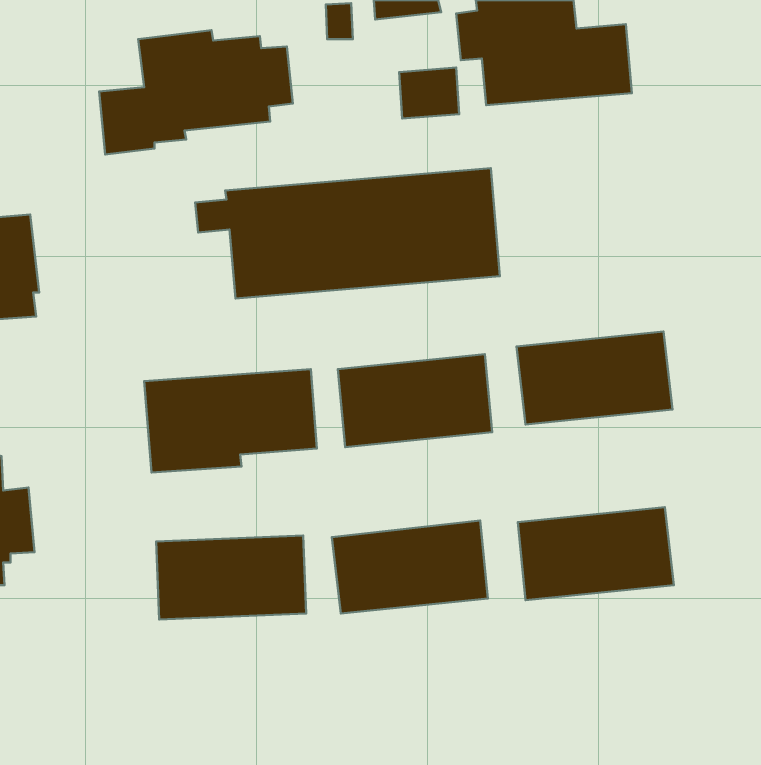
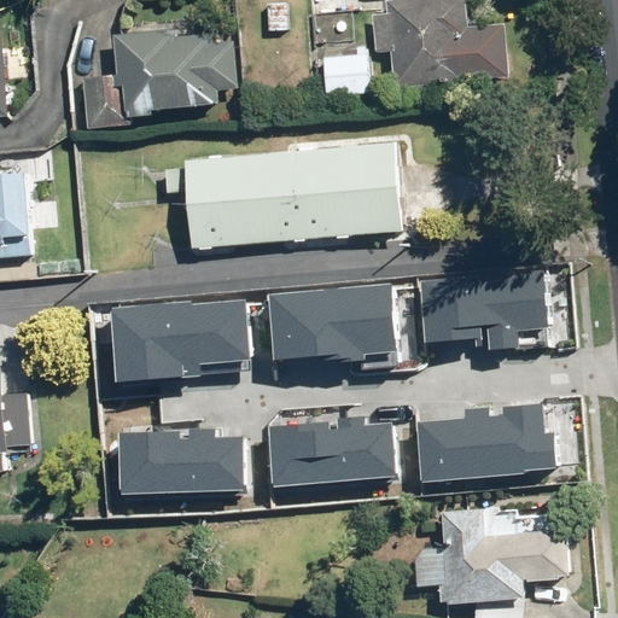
building: none -> [437,509,569,605]

